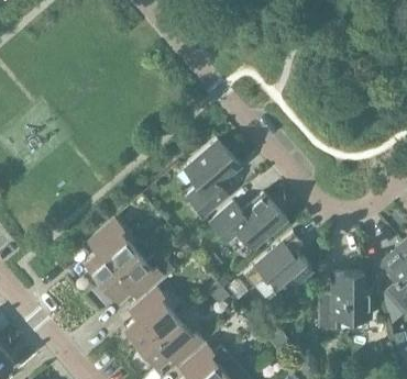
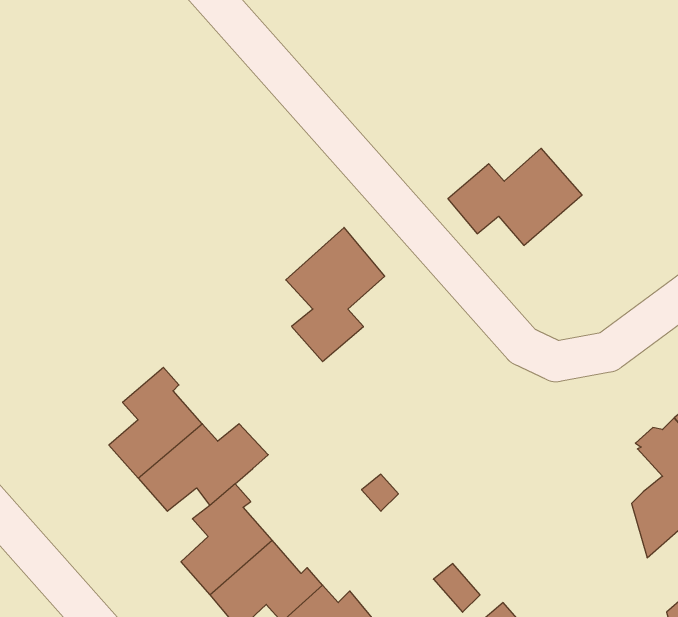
building: [210,196,286,250] -> [448,148,582,245]
building: [243,234,312,297] -> none
building: [318,274,371,332] -> none

